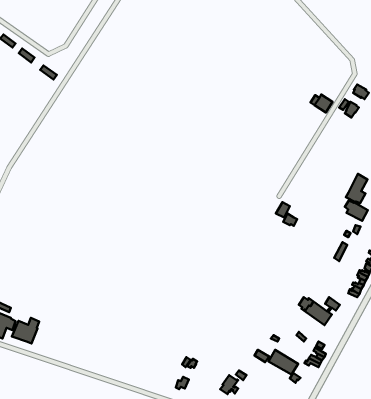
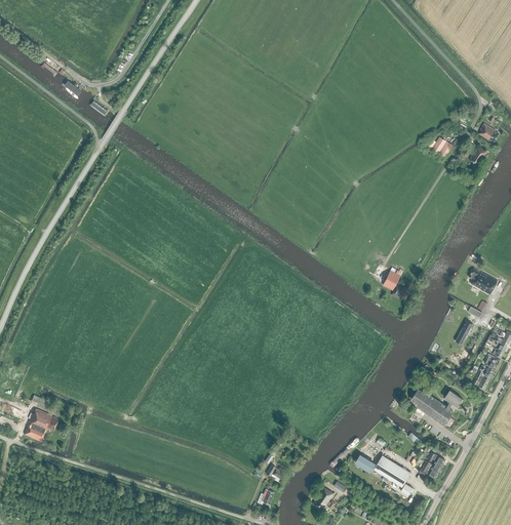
building: [346,174,367,203] -> none
building: [12,318,39,343] -> none

